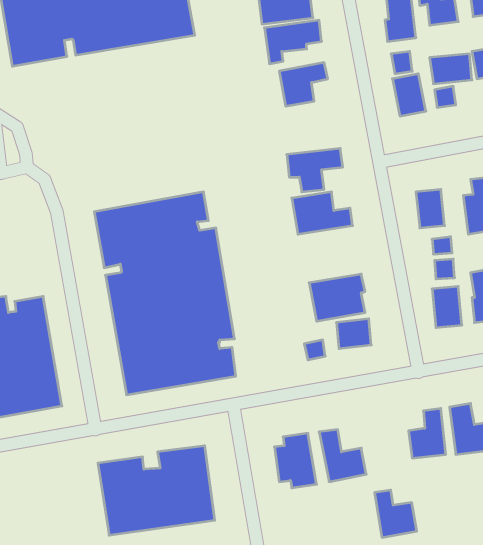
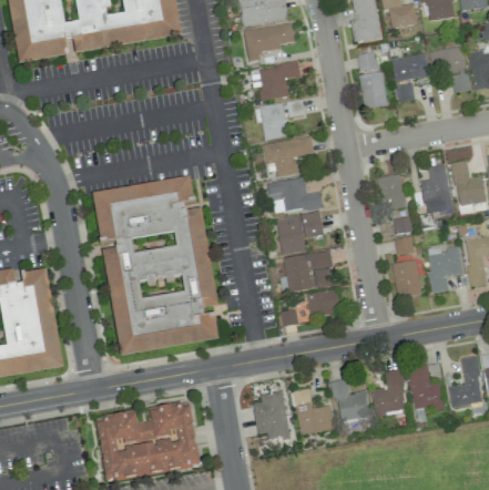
building: none -> [259,98,306,139]
building: none -> [276,211,324,253]
building: [375,490,417,537] -> [333,378,370,420]

